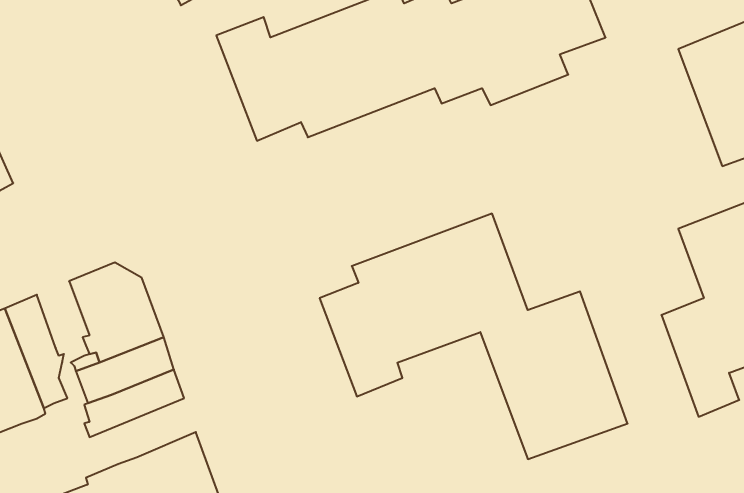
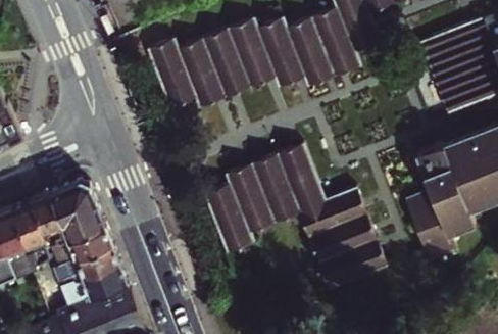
building: none -> [32,189,63,234]
building: none -> [63,259,128,299]

